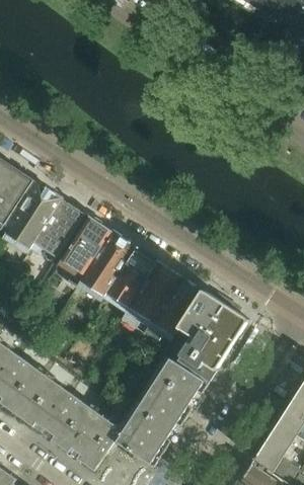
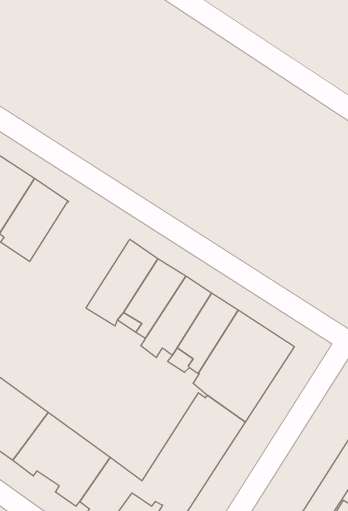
building: [29,199,85,264] -> none
building: [60,217,111,288] -> none

